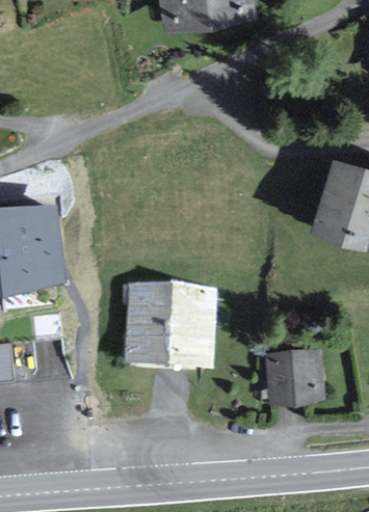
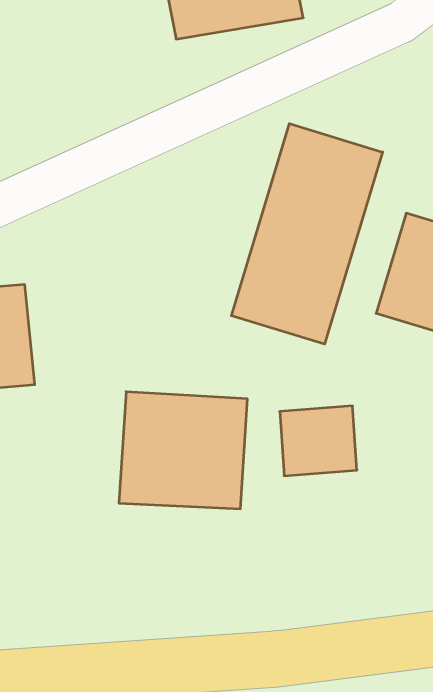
building: none -> [231,124,383,344]
building: [266,351,322,402] -> [280,406,357,476]

